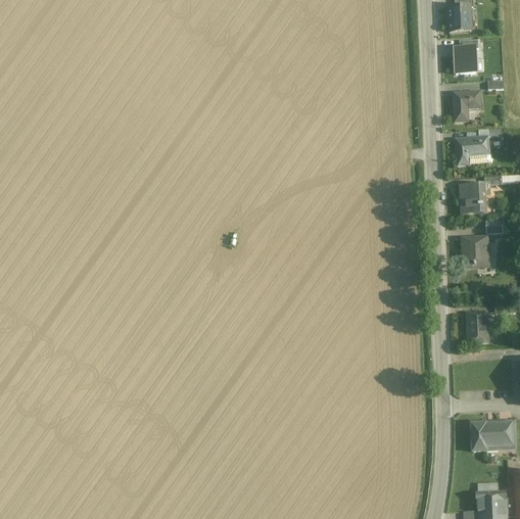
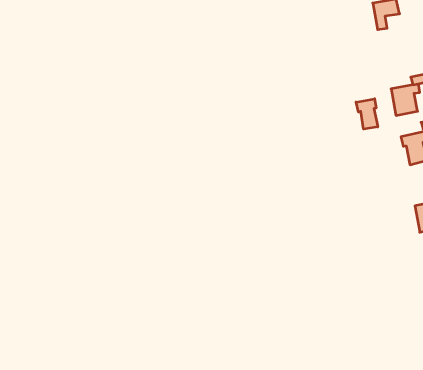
building: [455,137,488,164] -> none
building: none -> [356,99,378,129]

